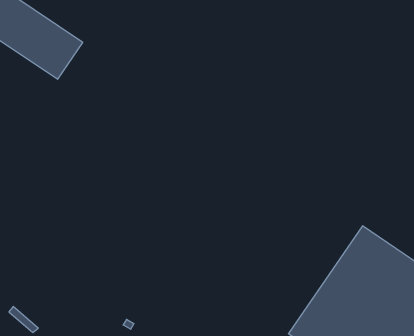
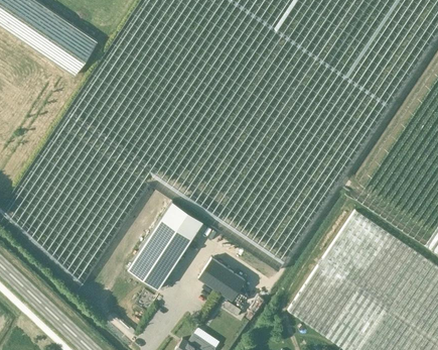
building: none -> [128,201,203,288]
building: none -> [198,257,246,301]

